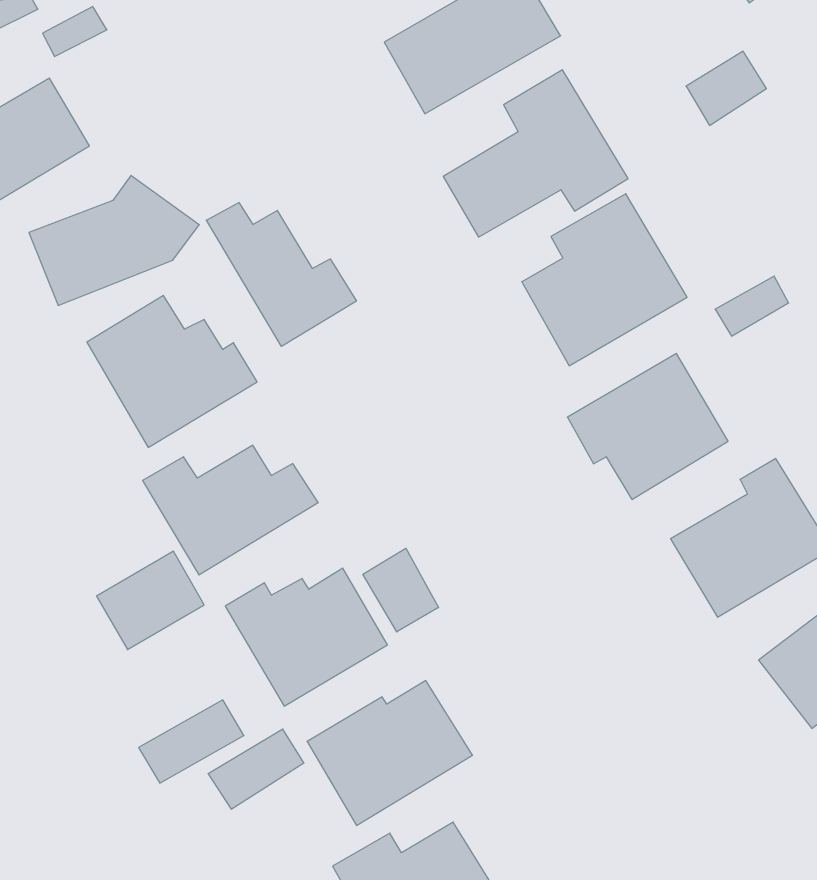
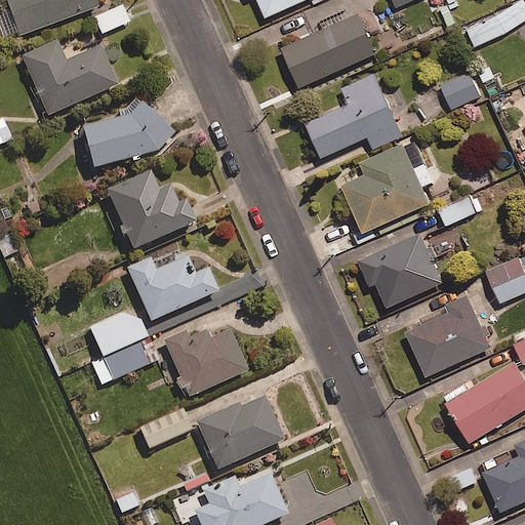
building: [206,203,356,346] -> none
building: [363,548,439,632] -> none
building: [139,700,244,783] -> [94,345,152,386]

